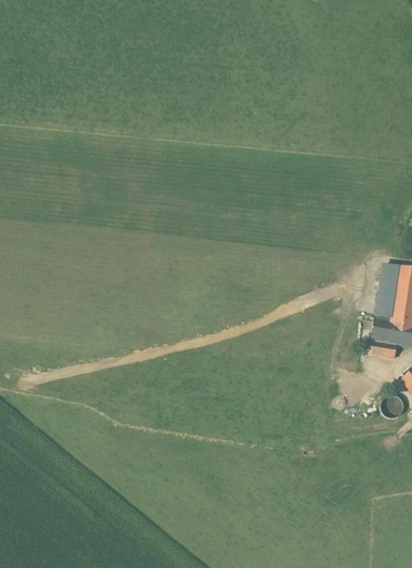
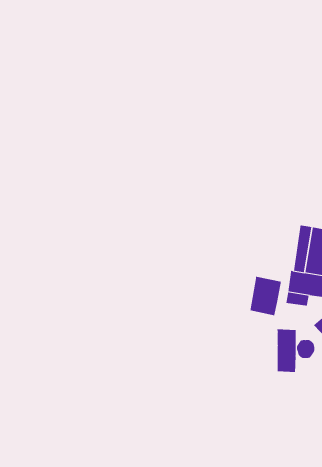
building: none -> [250,276,281,316]
building: none -> [277,329,296,373]

